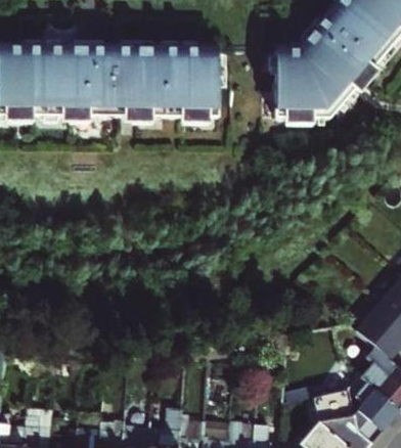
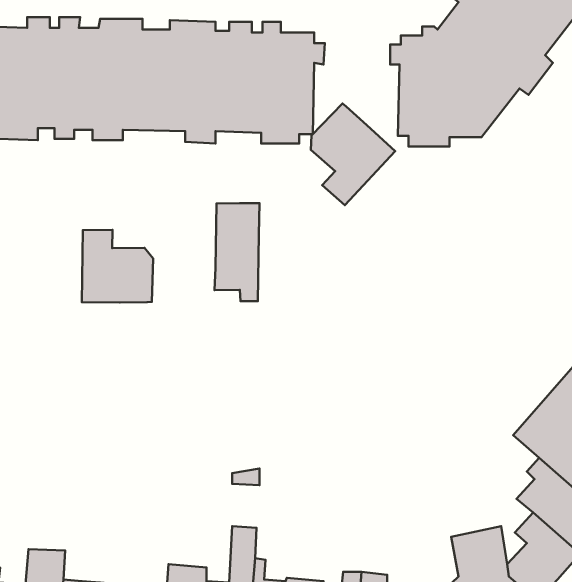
building: none -> [311,104,395,205]
building: none -> [214,203,259,301]
building: none -> [82,230,153,302]

